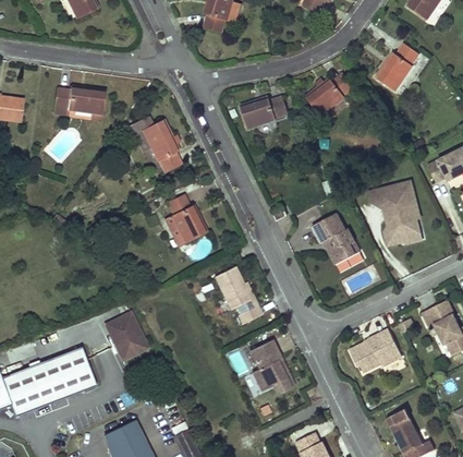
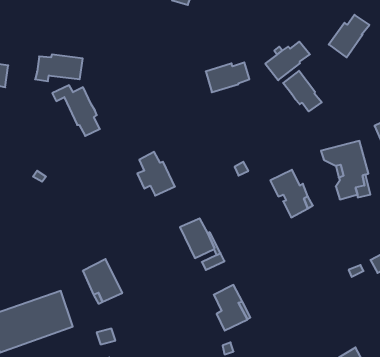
building: none -> [283,71,322,111]
building: [130,116,182,171] -> [52,85,100,136]
building: [350,328,402,372] -> none

